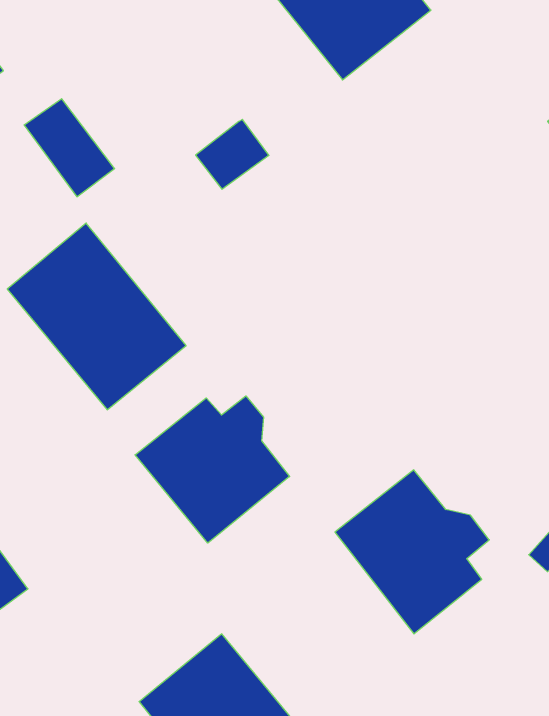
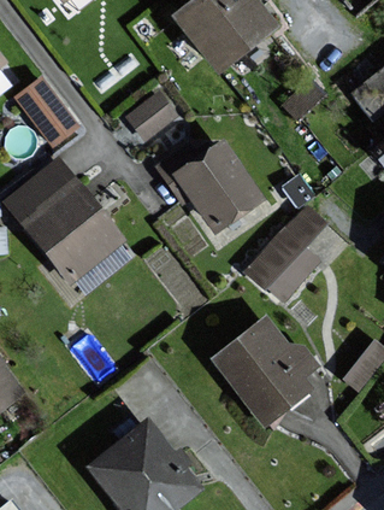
building: none -> [159,142,265,230]
building: none -> [243,210,324,310]
building: [135,396,290,543] -> none

